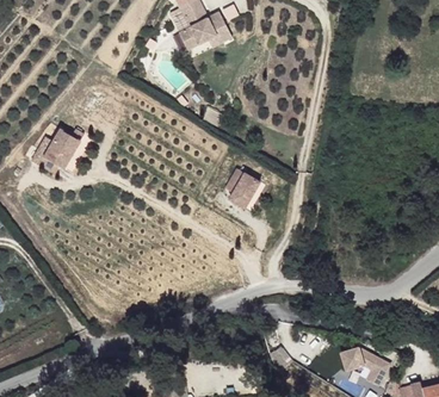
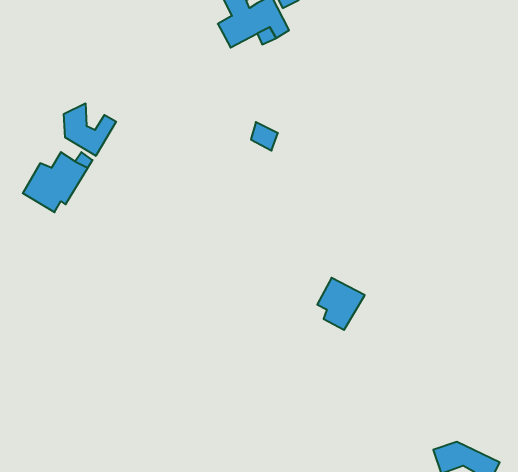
building: none -> [64,103,116,156]
building: [224,168,260,207] -> [317,278,365,330]

